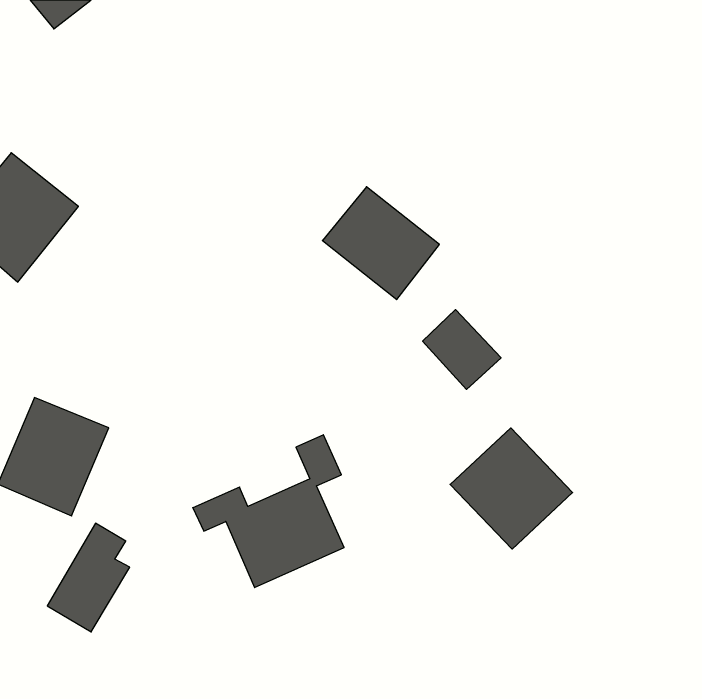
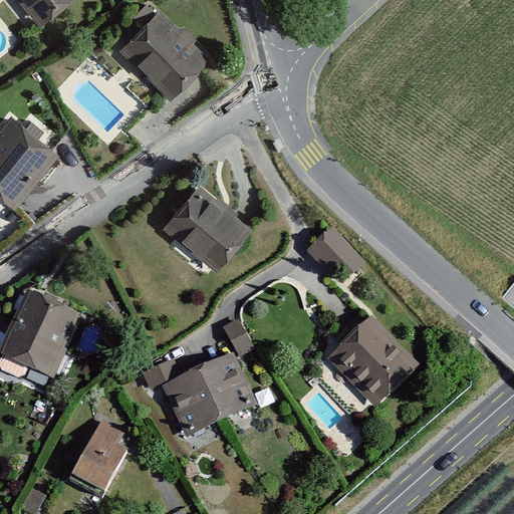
building: none -> [124,22,200,96]
building: [322,187,439,300] -> [164,185,249,267]
building: [47,523,130,632] -> [66,420,126,499]

